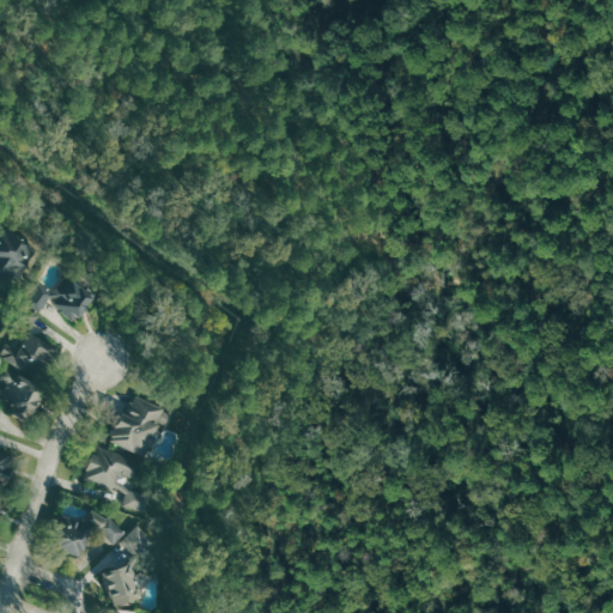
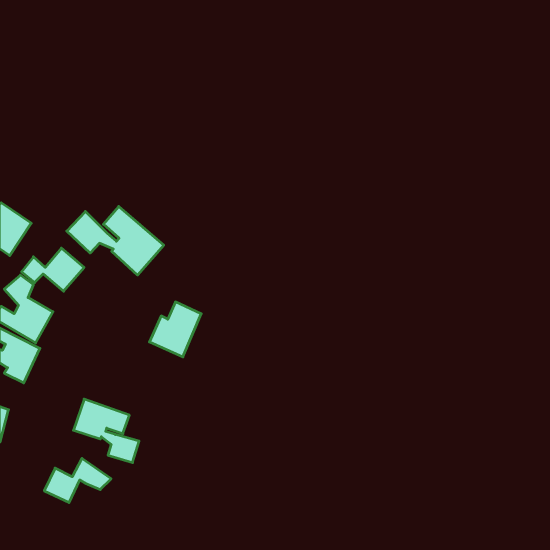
building: none -> [67,206,164,275]
building: [105,396,163,457] -> [149,302,201,357]
building: [99,523,156,607] -> none

